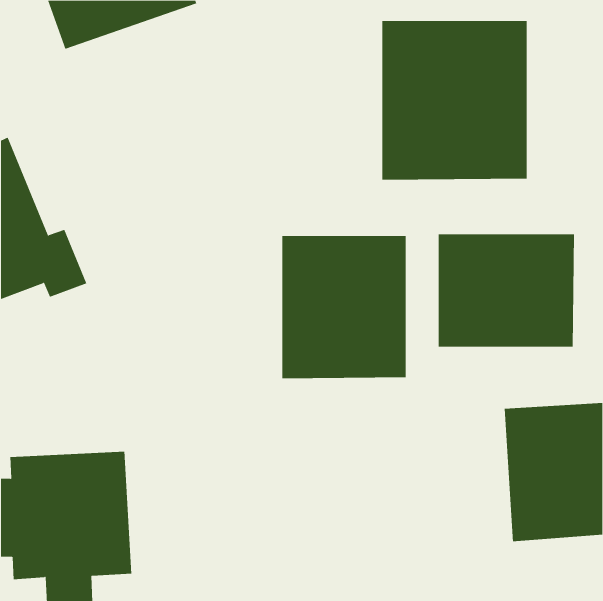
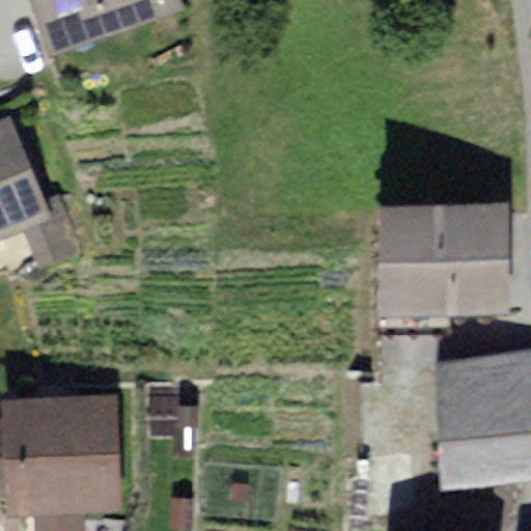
building: [382,20,527,181] -> none
building: [282,235,406,379] -> none

